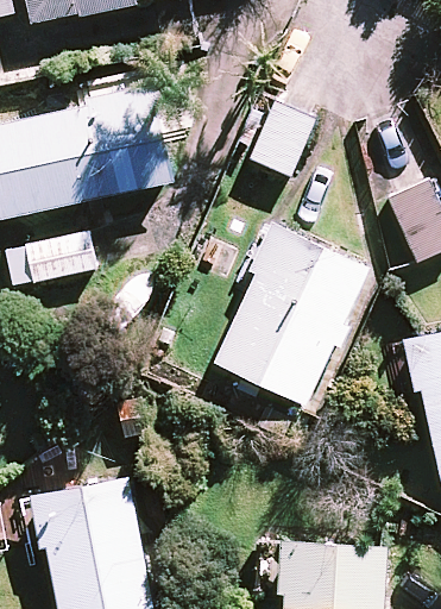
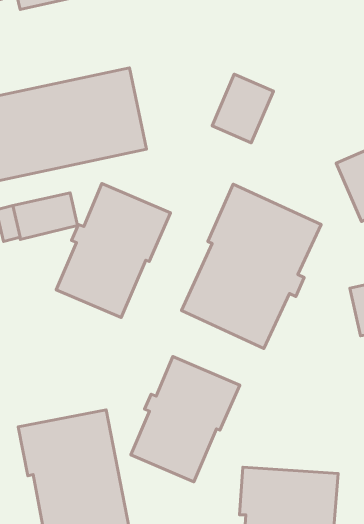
building: none -> [56,183,171,317]
building: none -> [131,356,240,482]

